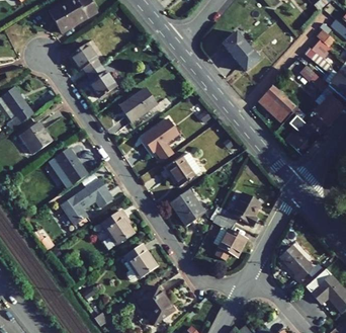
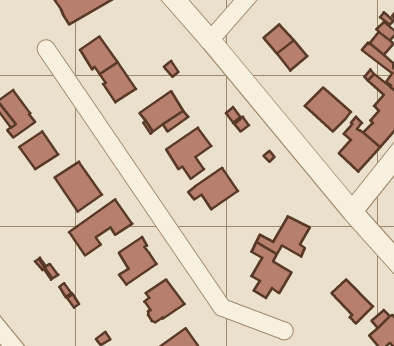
building: [170,188,205,226] -> none

